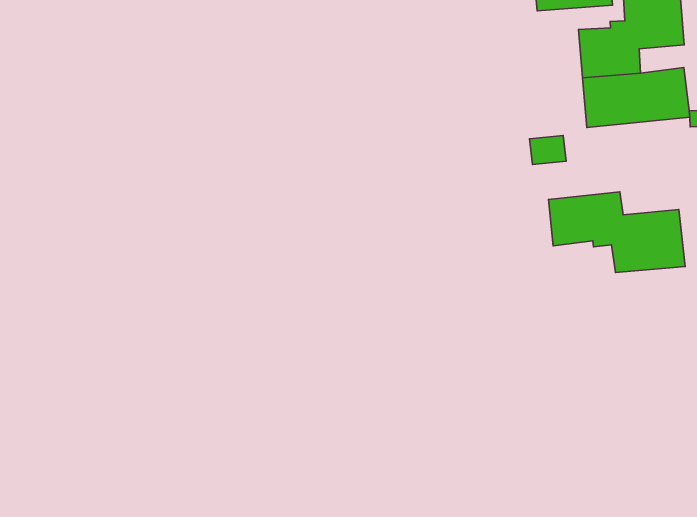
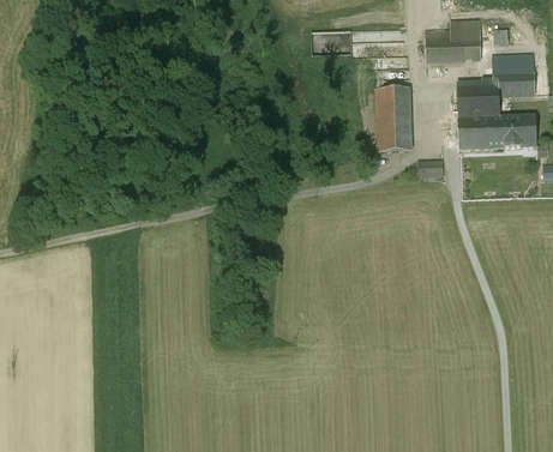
building: none -> [373,89,413,153]
building: [548,192,685,272] -> none

